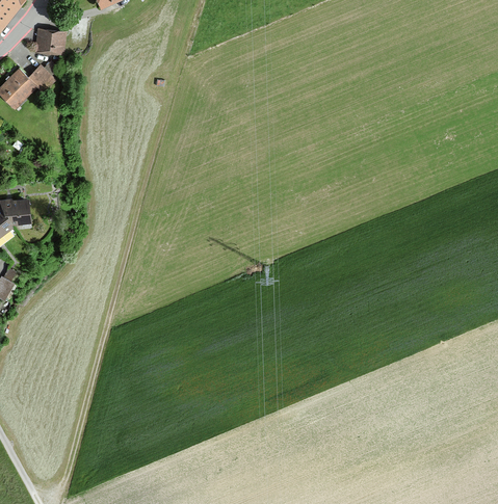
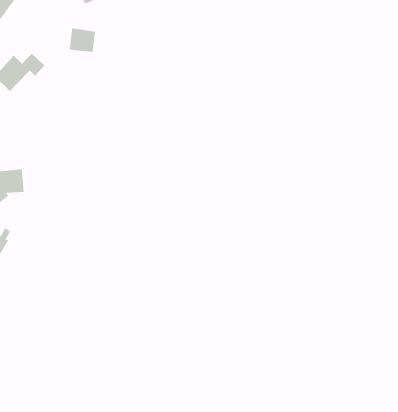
building: [34,29,65,57] -> [69,28,96,52]

